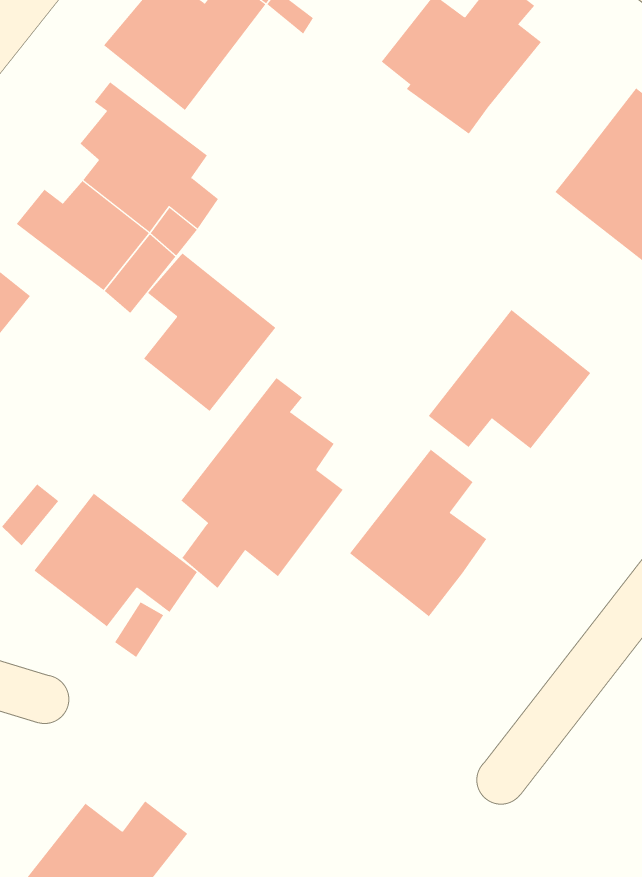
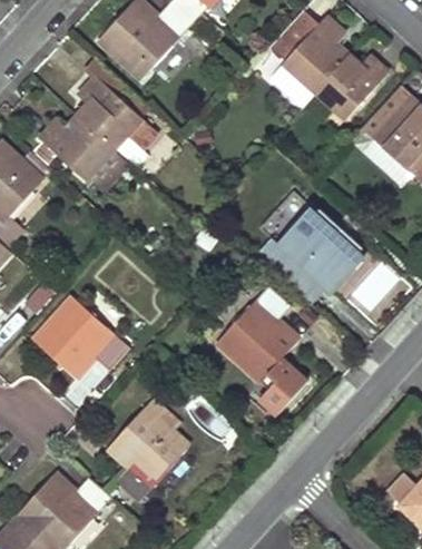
building: none -> [315,56,387,119]
building: [143,253,276,412] -> none
building: [180,377,343,589] -> none
building: none -> [252,359,306,414]
building: none -> [108,398,188,502]

